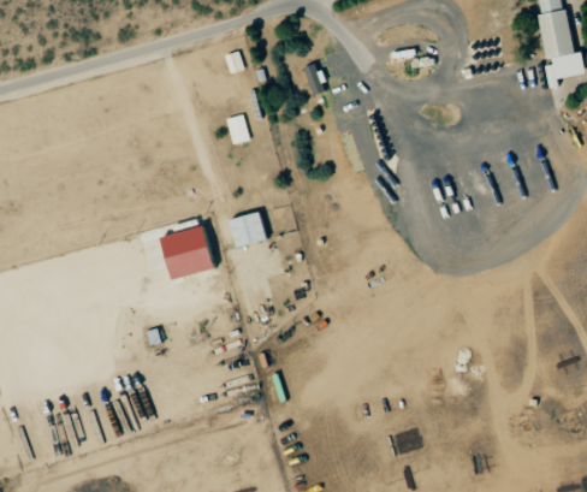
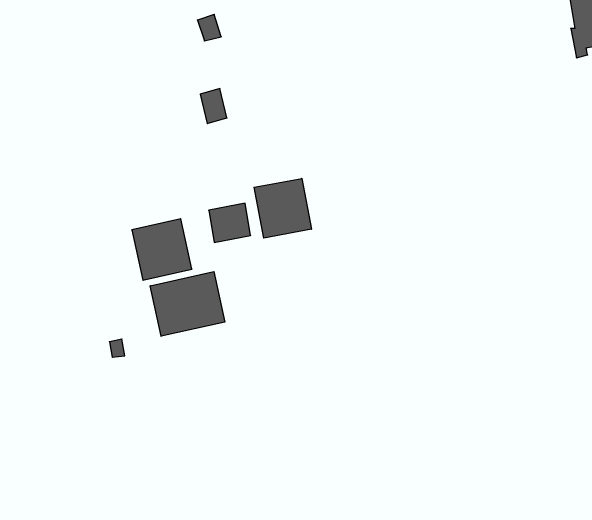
building: none -> [254,178,311,238]
building: none -> [150,272,225,336]

